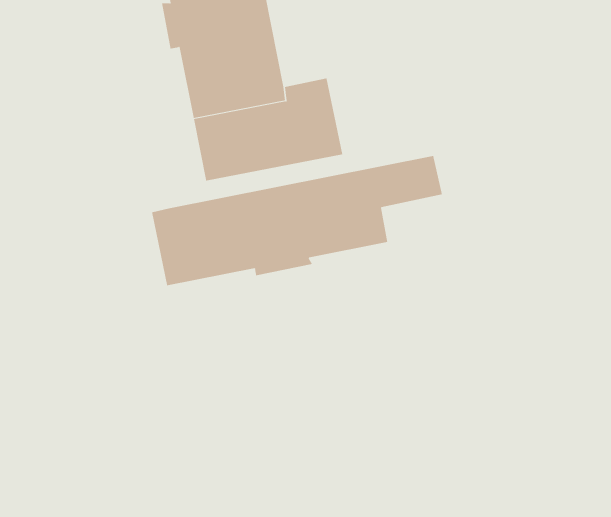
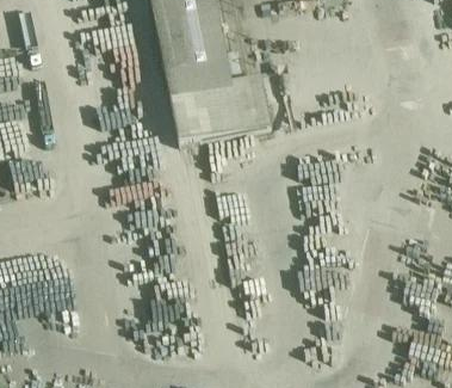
building: [152,155,443,286] -> none

